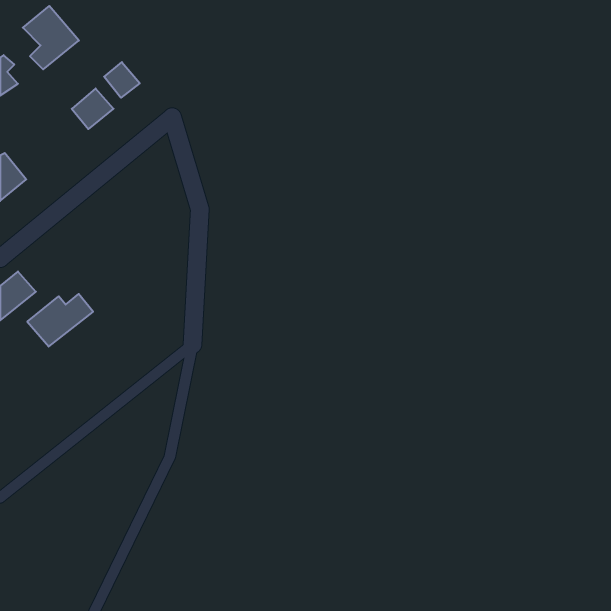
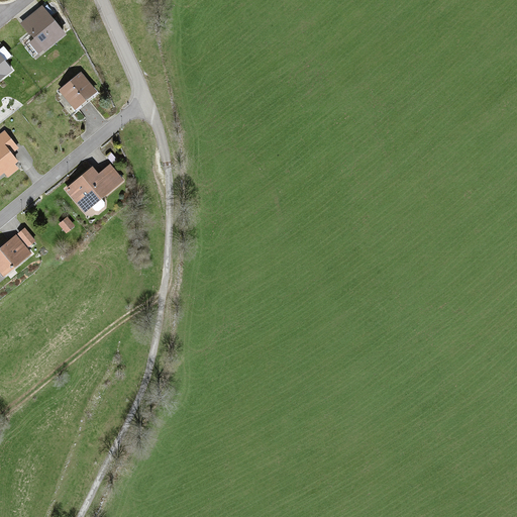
building: [104,62,140,98] -> none
building: [27,294,93,347] -> [66,166,121,210]

